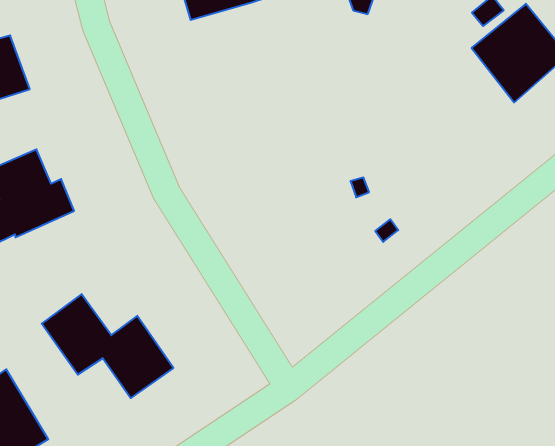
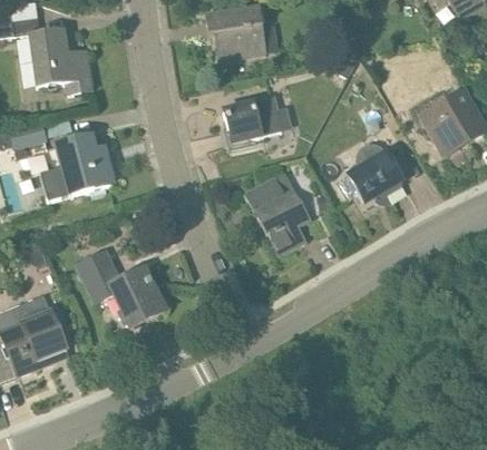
building: none -> [224,98,289,143]
building: none -> [337,141,409,203]
building: none -> [246,178,308,252]

